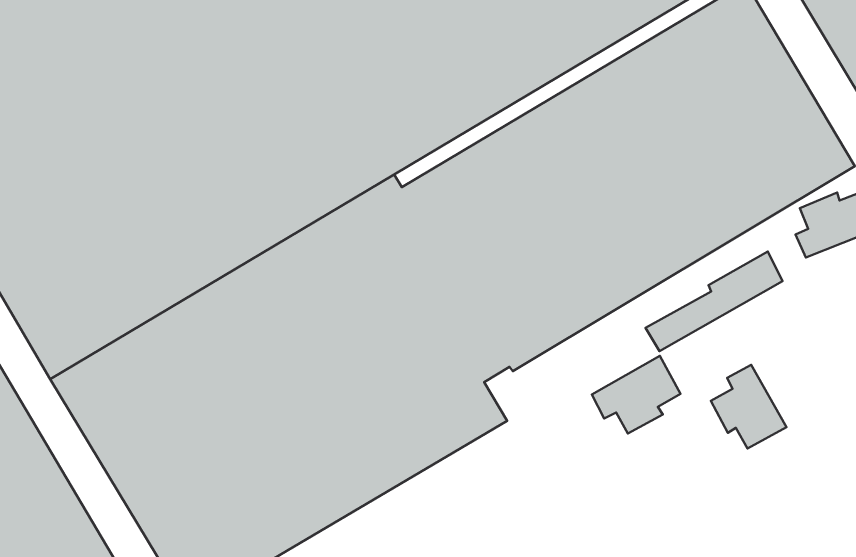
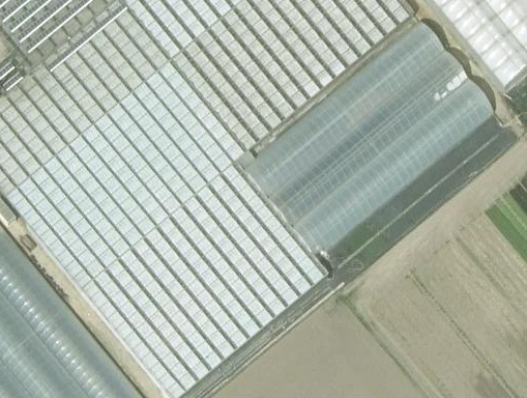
building: [592,356,681,433] -> none
building: [711,365,787,448] -> none

